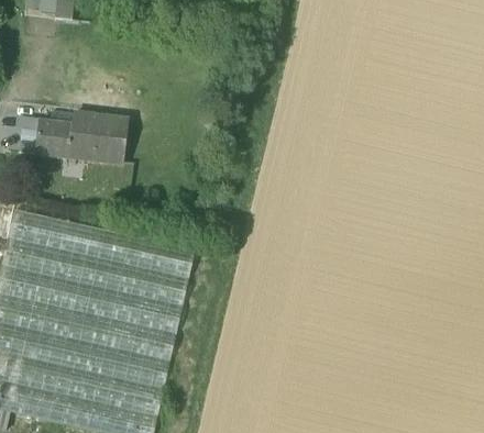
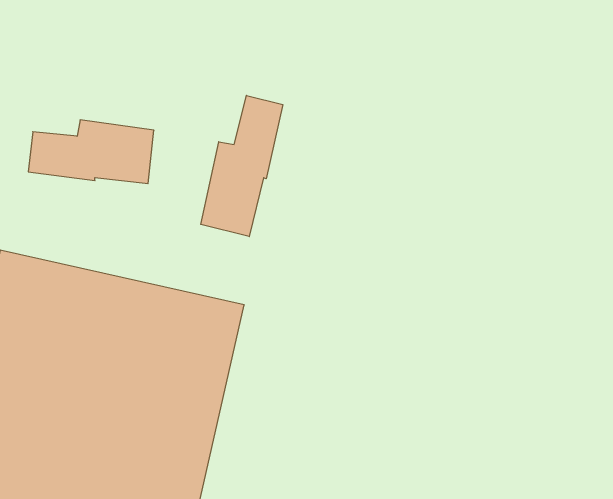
building: none -> [201,95,283,237]

